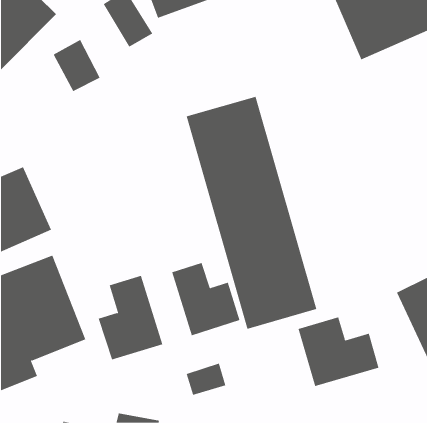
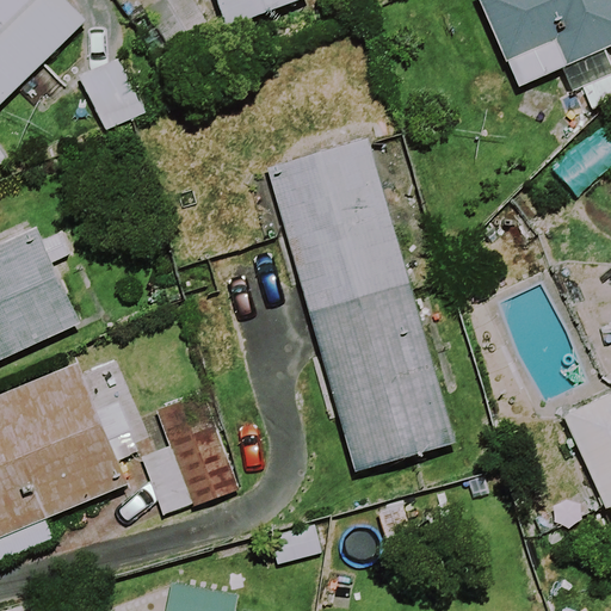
building: [171,262,240,336] -> none
building: [298,317,379,387] -> none

